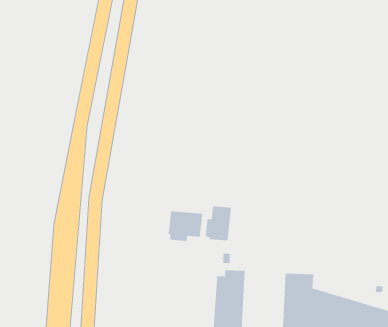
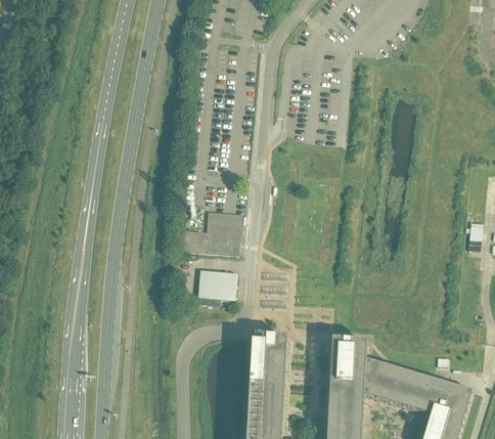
building: [205,205,232,241] -> none

